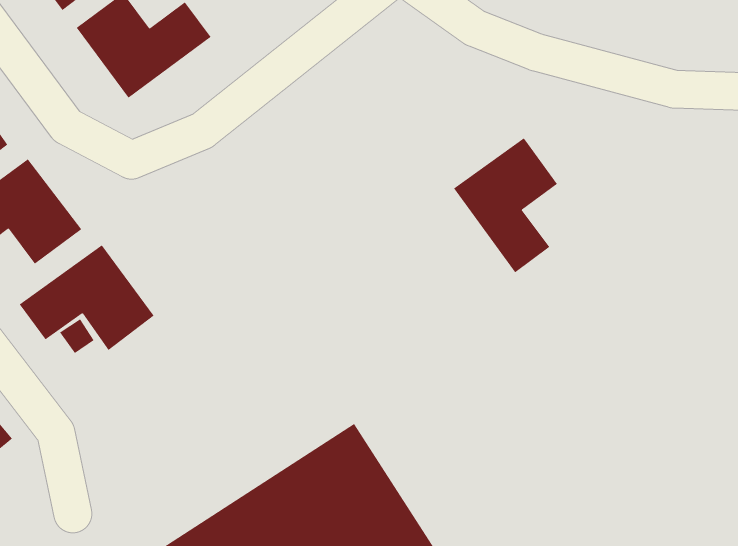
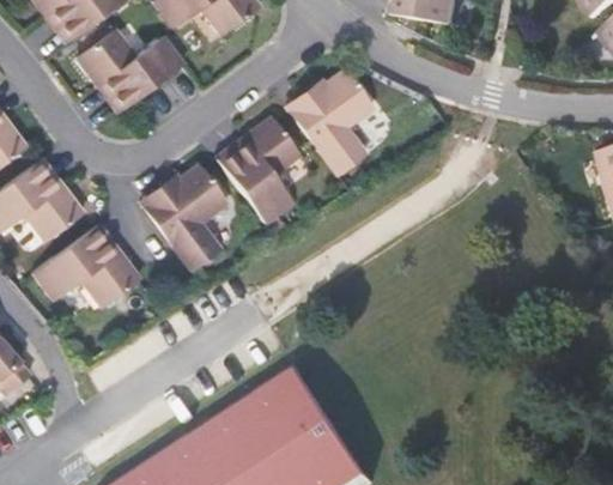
building: none -> [216,115,299,223]
building: [453,138,558,273] -> [290,68,371,174]
building: none -> [144,163,226,269]

